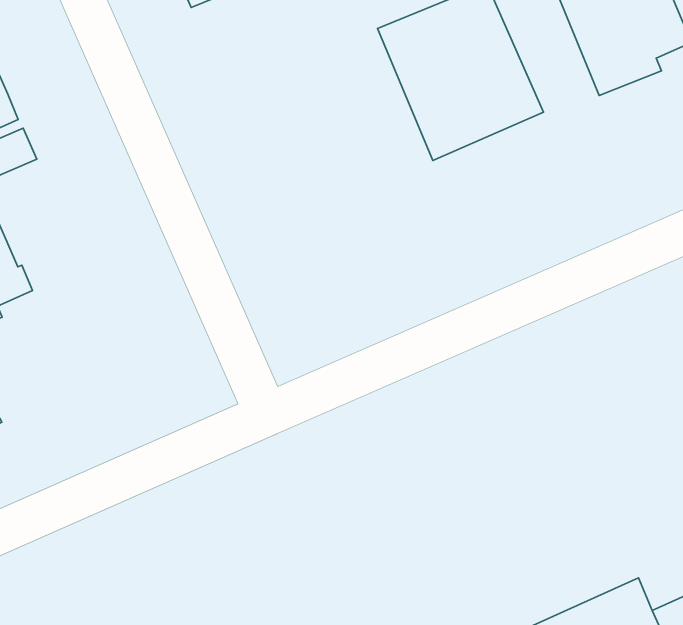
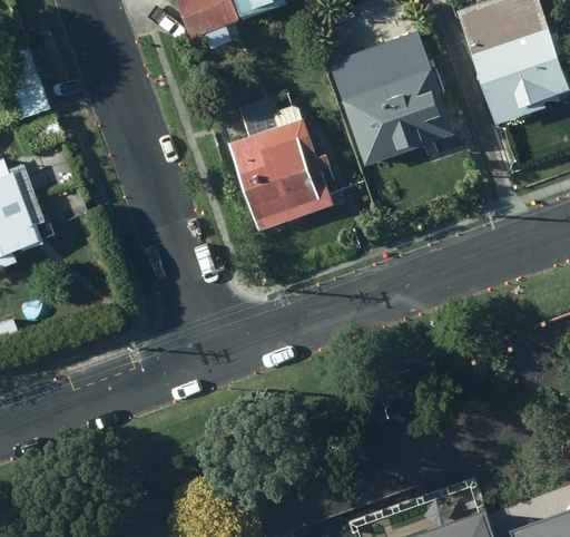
building: none -> [228,98,331,230]

